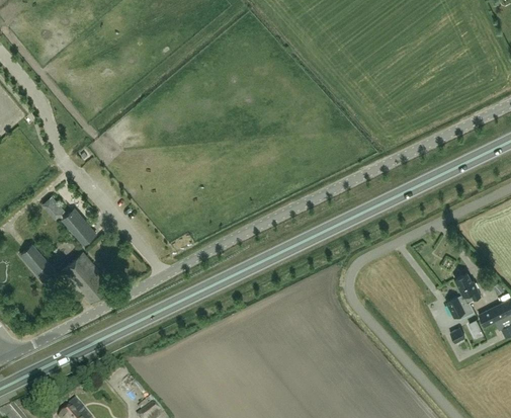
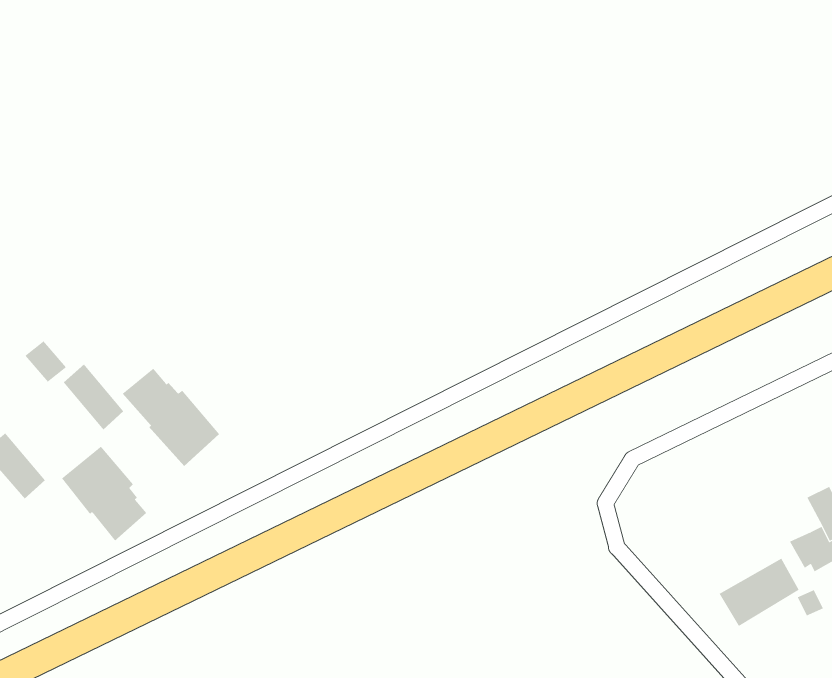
building: none -> [122,368,220,467]
building: none -> [719,558,799,627]

